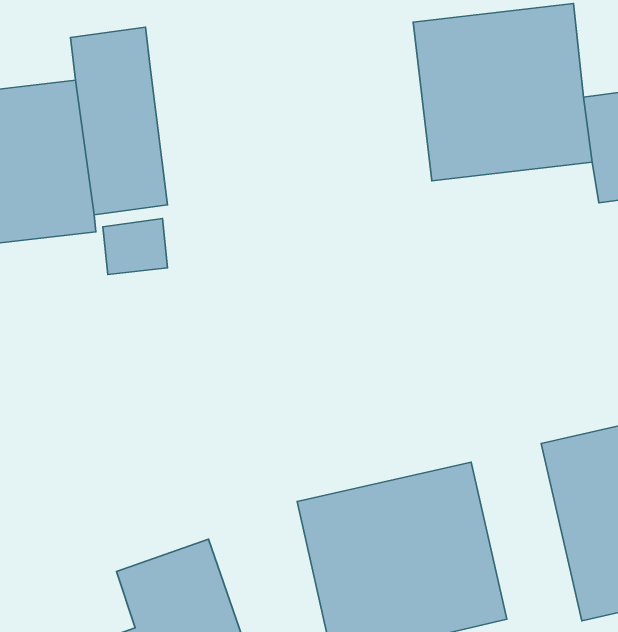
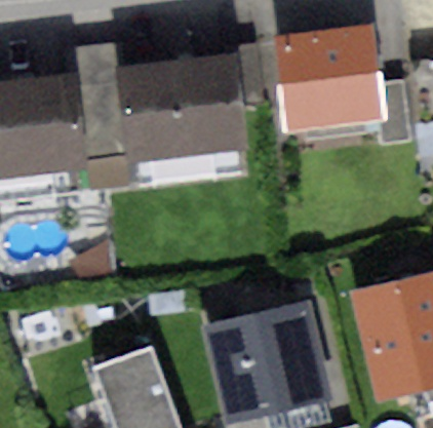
building: none -> [118,50,246,157]

